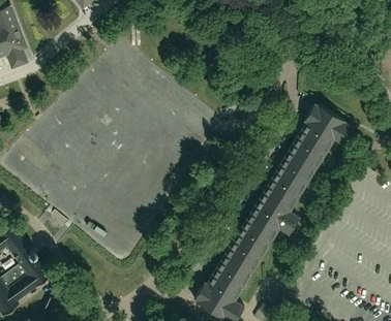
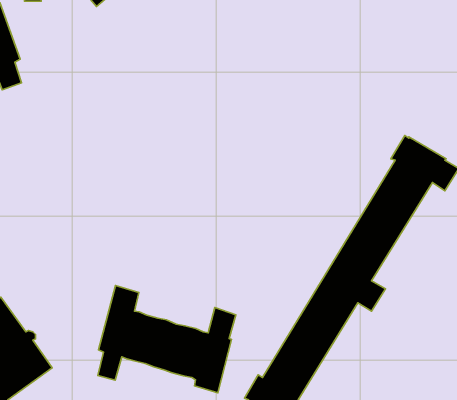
building: none -> [98,286,236,393]

